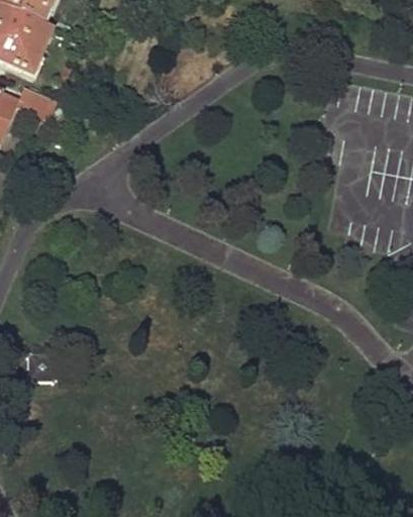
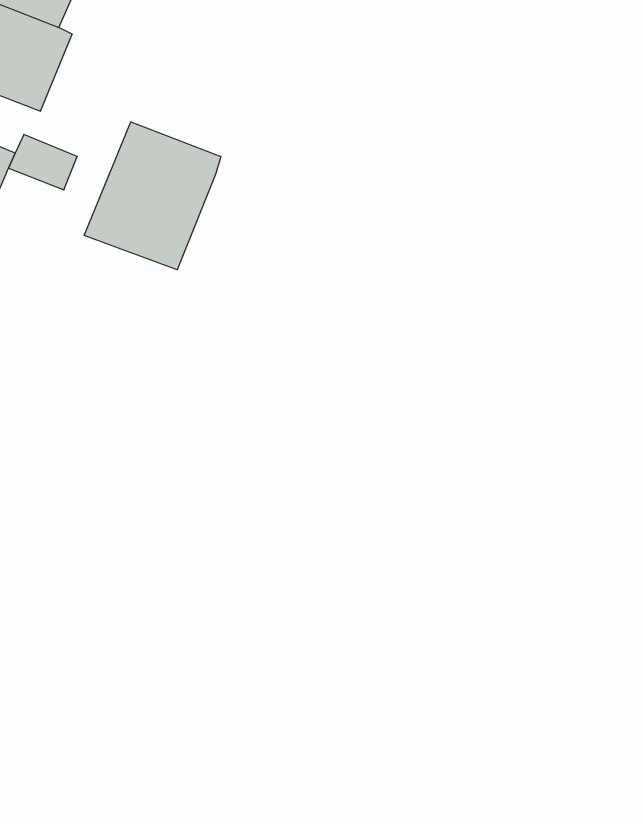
building: none -> [84,122,221,270]

